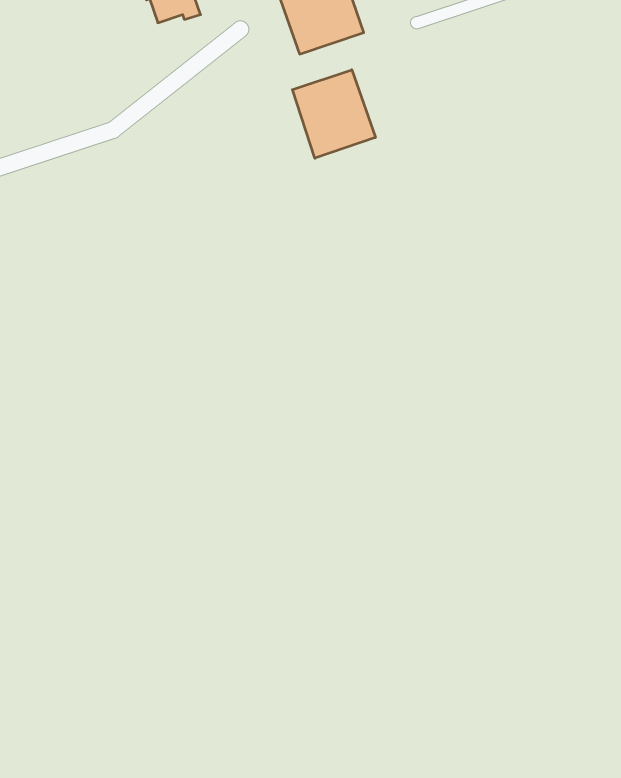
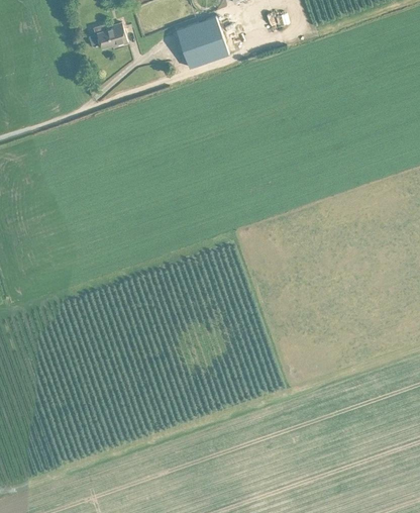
building: [292,70,375,158] -> none

